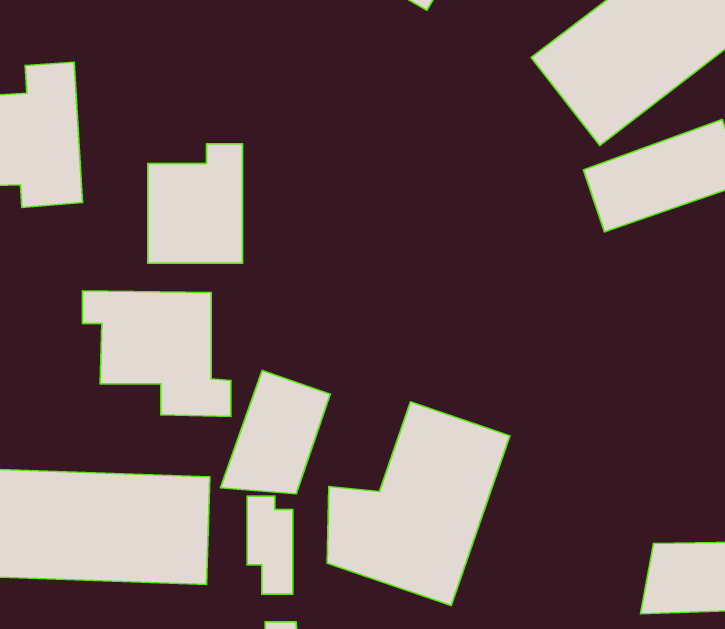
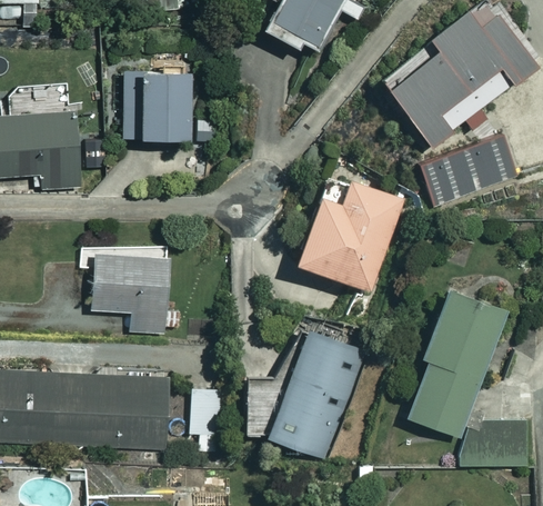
building: [148,144,242,263] -> [124,57,189,138]
building: none -> [293,178,409,291]
building: none -> [406,288,505,435]
building: [221,371,330,494] -> none

